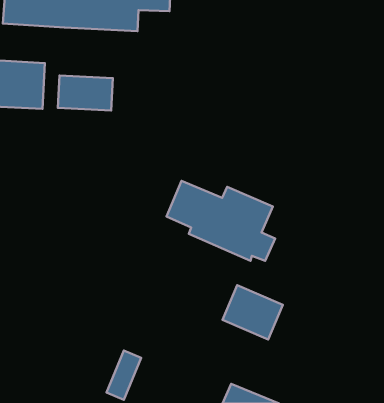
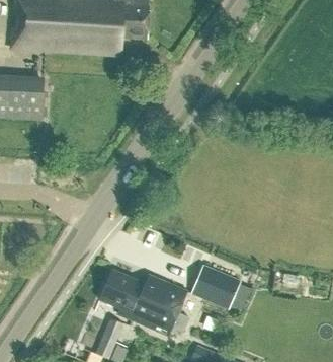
building: [58,76,113,111] -> none
building: [167,181,275,261] -> [99,268,188,334]

